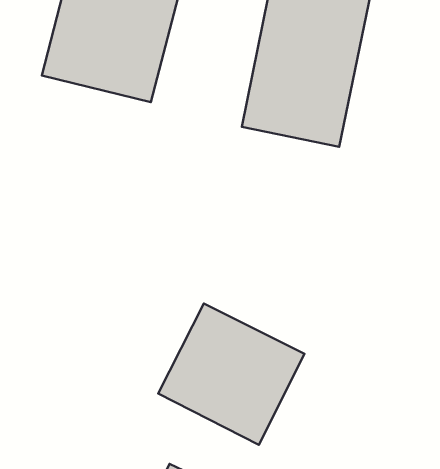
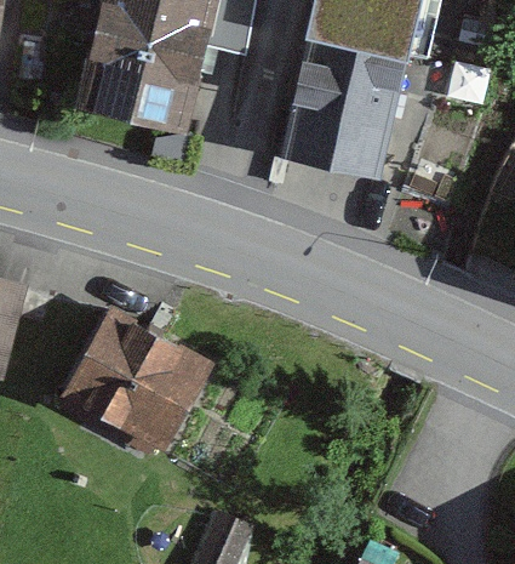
building: [158,303,305,445] -> [63,311,214,457]

